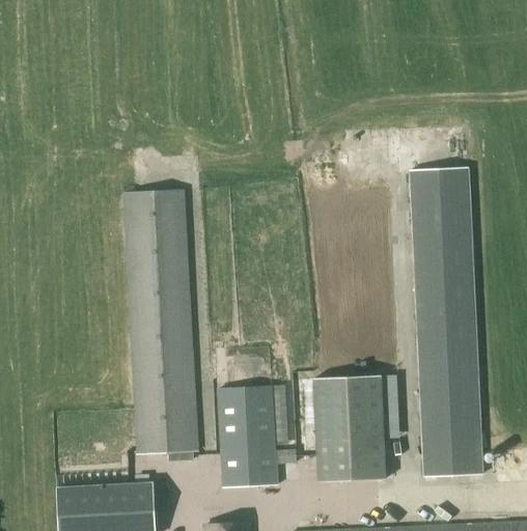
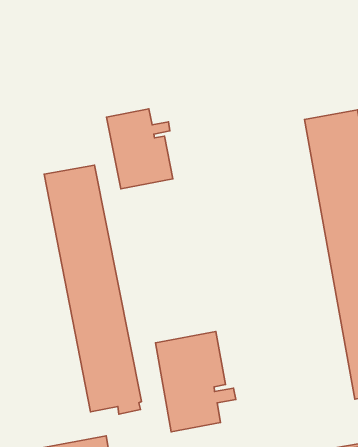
building: none -> [107,109,173,189]
building: [304,374,387,481] -> none

